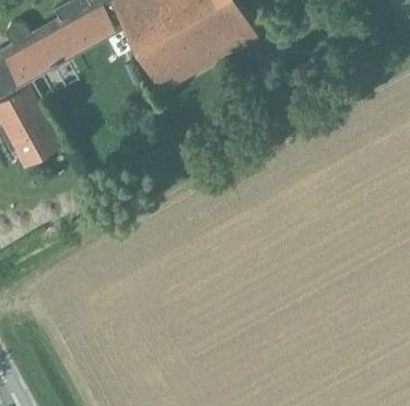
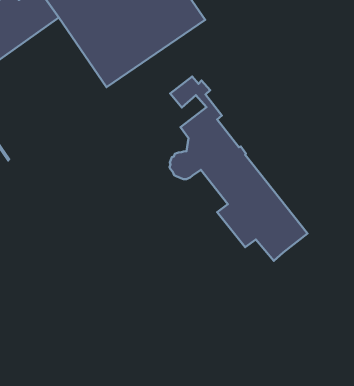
building: none -> [170,76,307,261]

